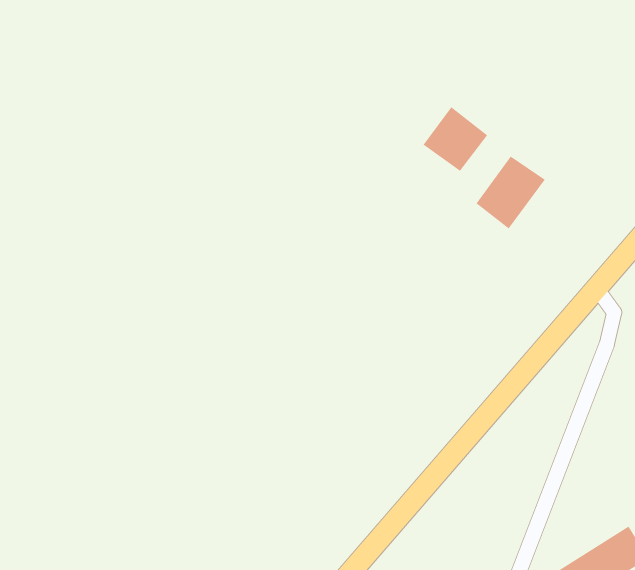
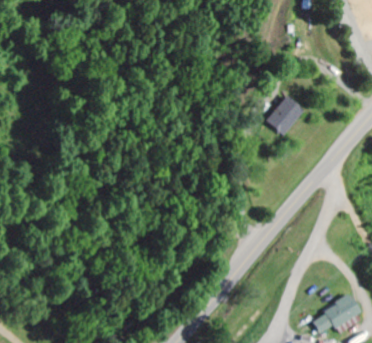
building: [422,106,488,172] -> none

